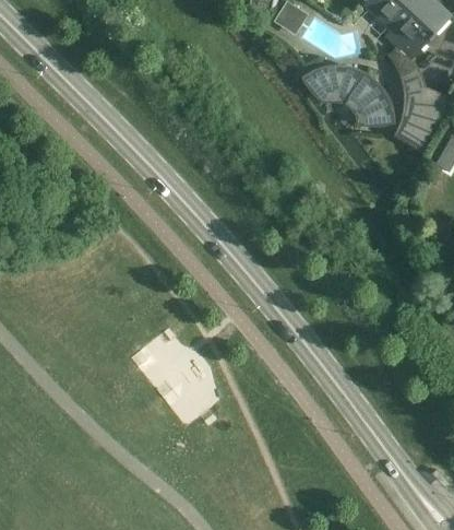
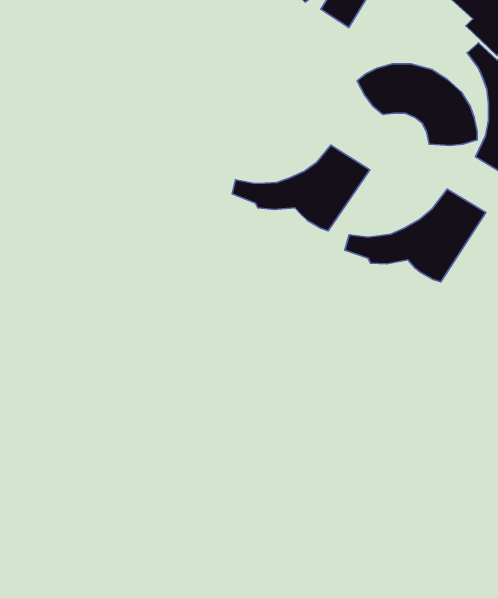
building: none -> [232,145,370,231]
building: none -> [345,189,486,282]

